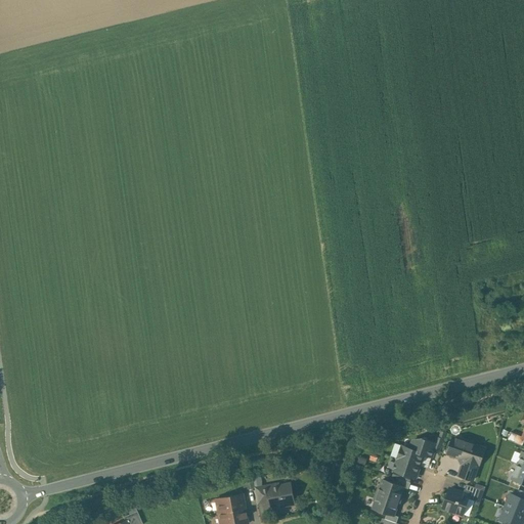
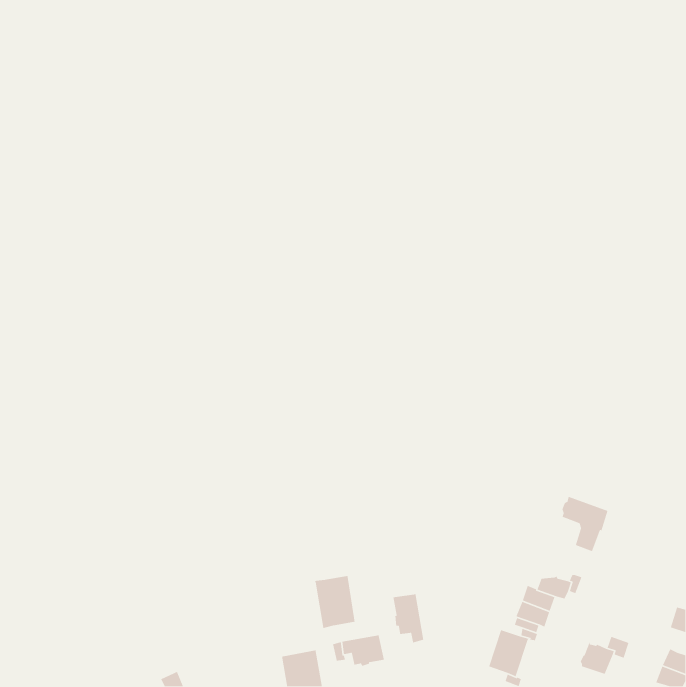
building: [447,437,483,480] -> [561,496,609,552]
building: none -> [314,575,355,629]
building: none -> [393,594,424,644]

